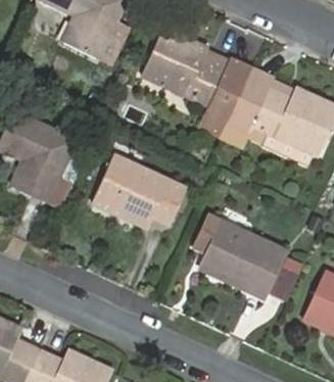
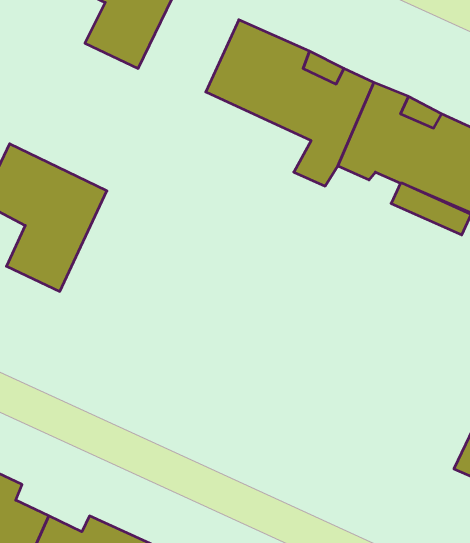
building: [91,154,187,228] -> none
building: [198,220,288,298] -> none

